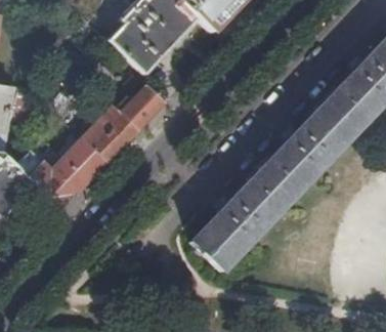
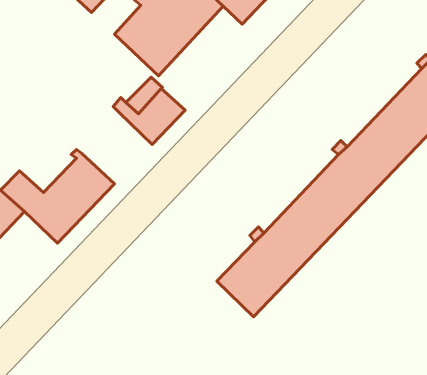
building: [82,105,139,162] -> none

